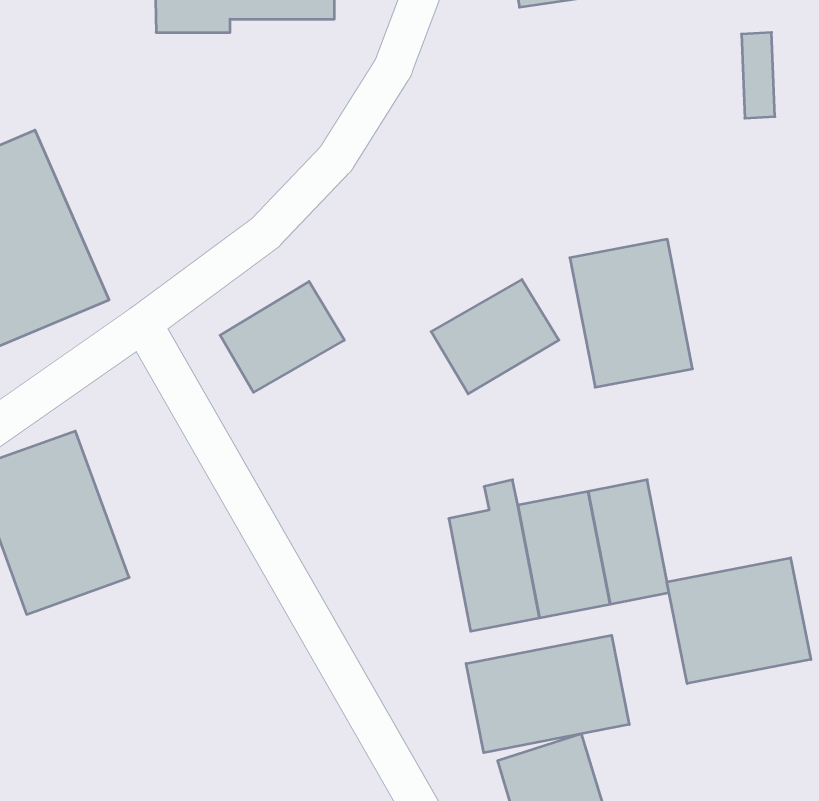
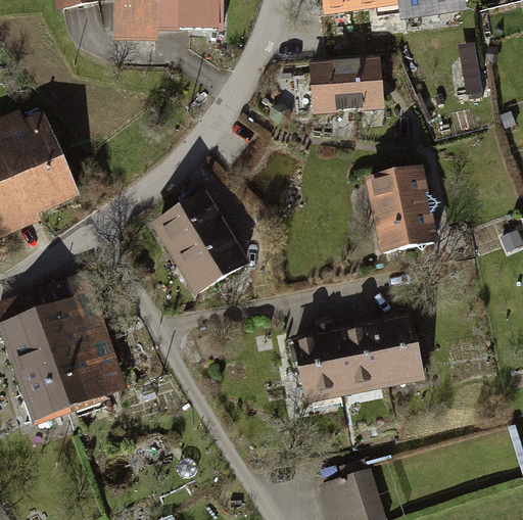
building: none -> [307,53,382,112]
building: [431,279,559,394] -> [170,227,247,296]
building: none -> [32,273,130,422]
building: [667,558,811,684] -> none
building: [466,635,629,753] -> none

